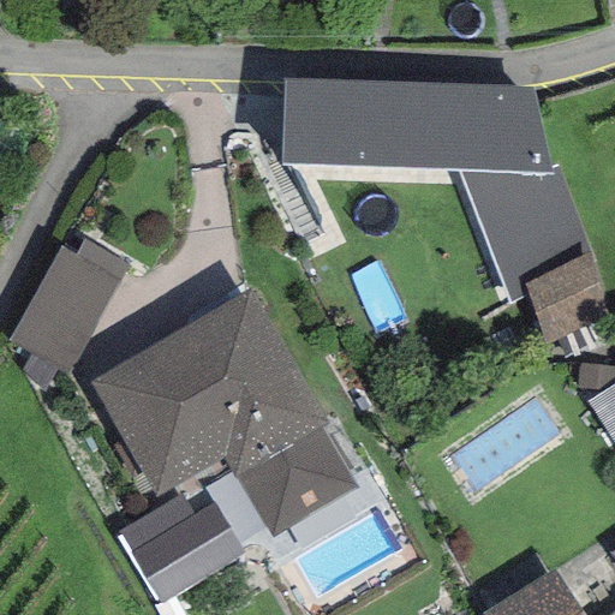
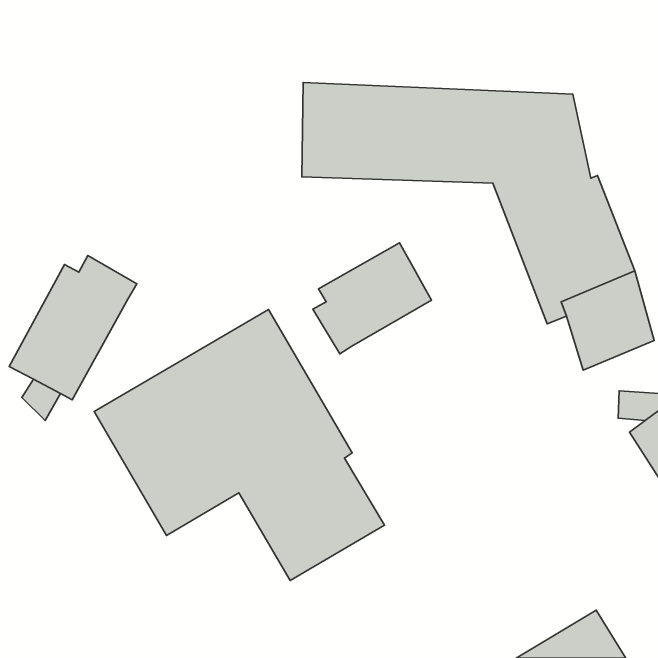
building: none -> [313,243,432,354]
building: [117,492,245,603] -> none

